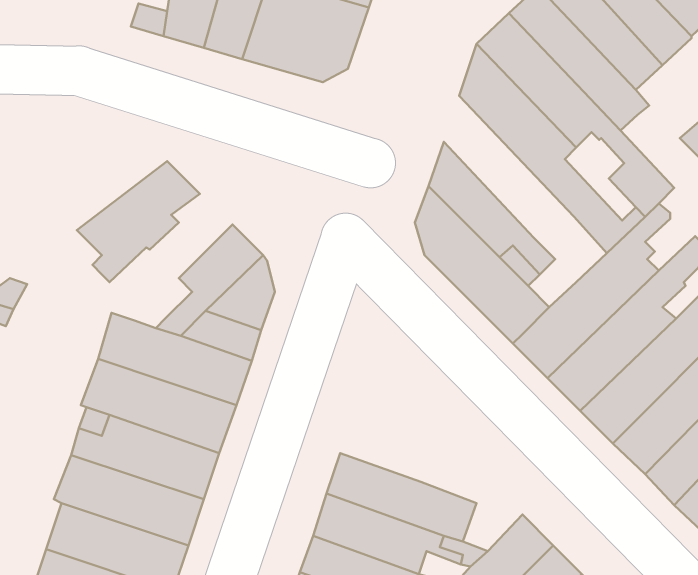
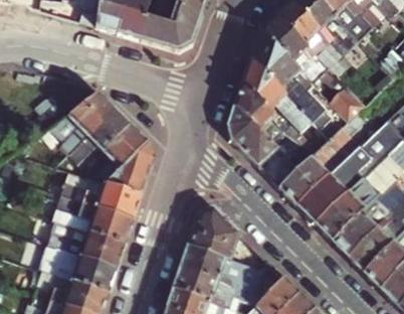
building: none -> [243,56,312,131]
building: none -> [68,108,133,163]
building: none -> [189,204,241,259]

